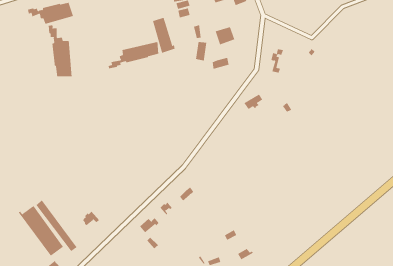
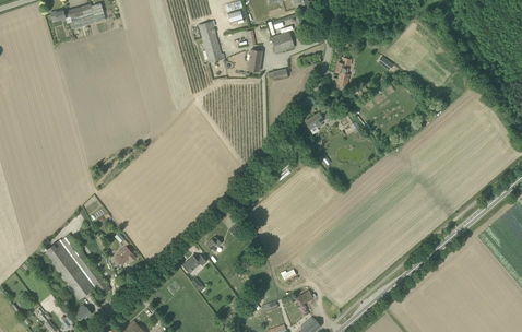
building: [48,24,72,77] -> none
building: [108,41,159,69] -> none

